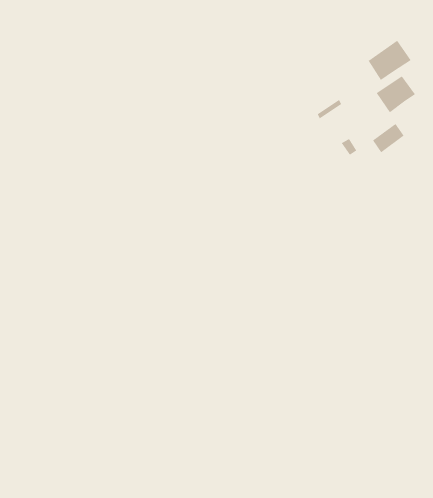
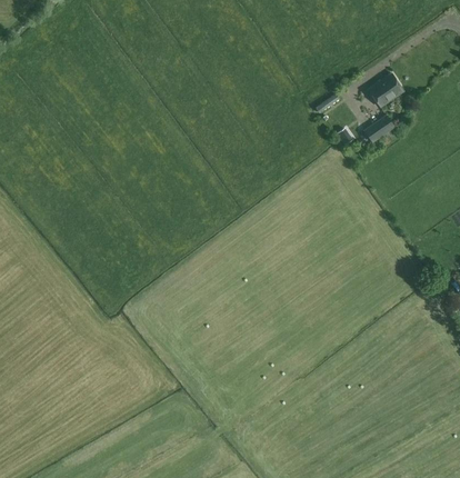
building: [368,40,412,81] -> none

